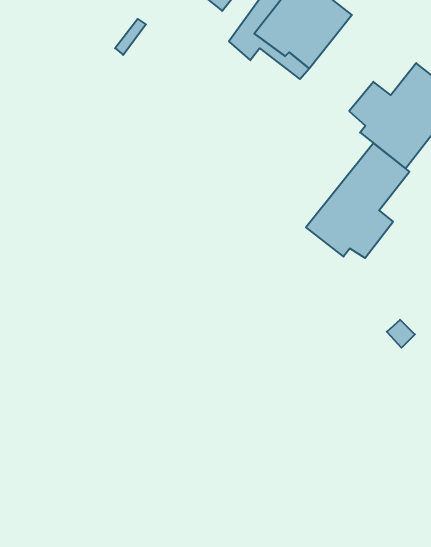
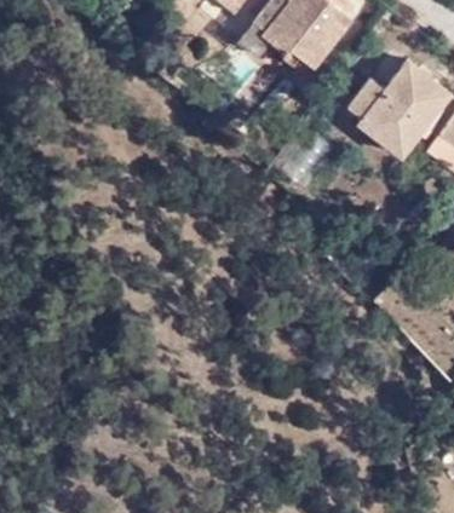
building: [306,143,409,258] -> none

